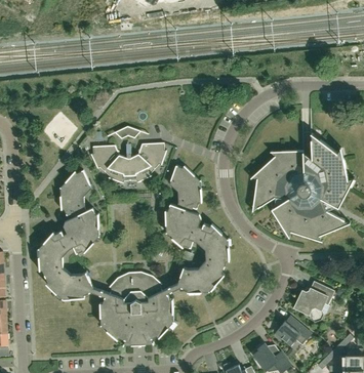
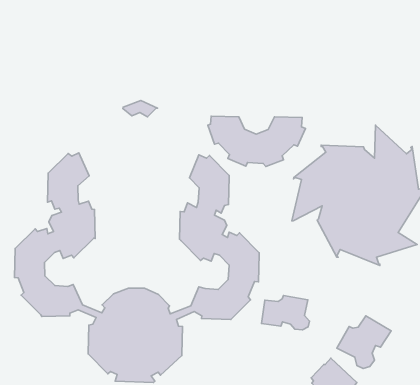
building: [91,142,167,183] -> [208,116,305,166]
building: none -> [261,296,310,330]

